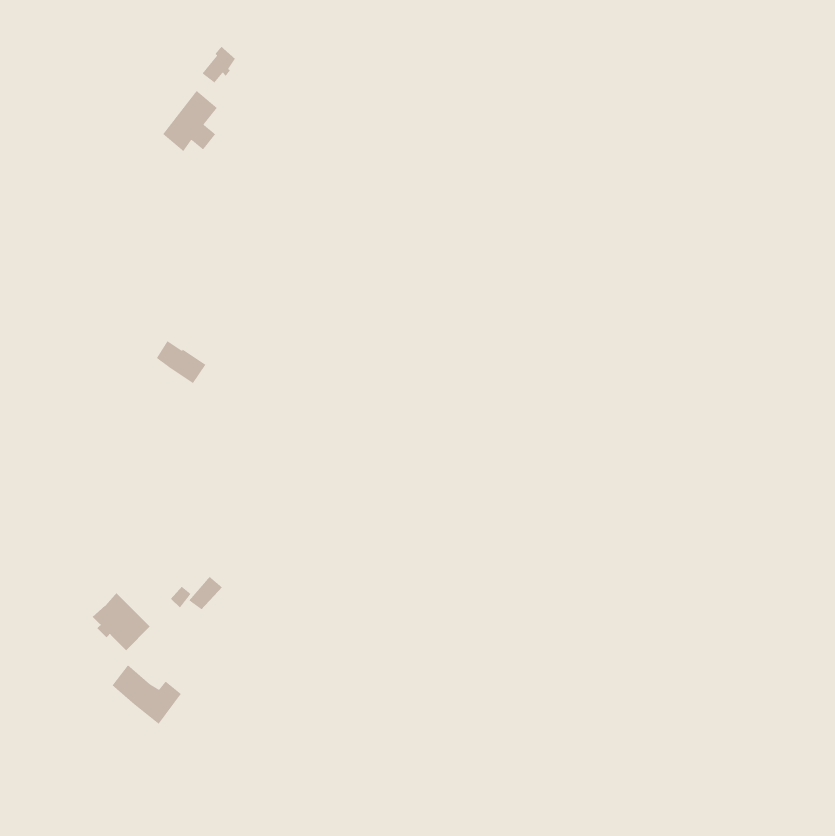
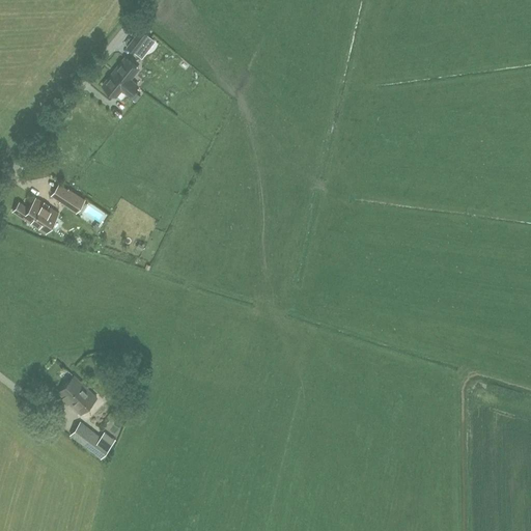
building: none -> [13,198,59,232]
building: [156,340,206,384] -> [53,184,85,212]

